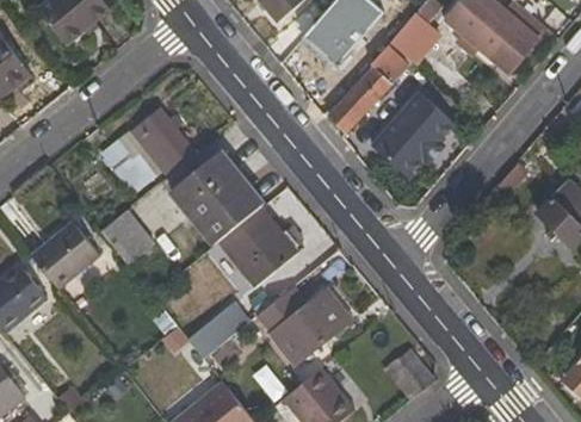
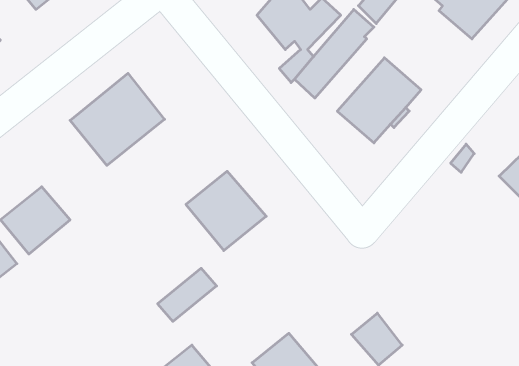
building: [171,151,265,244] -> none
building: [103,210,155,263] -> none
building: [256,287,353,366] -> none

